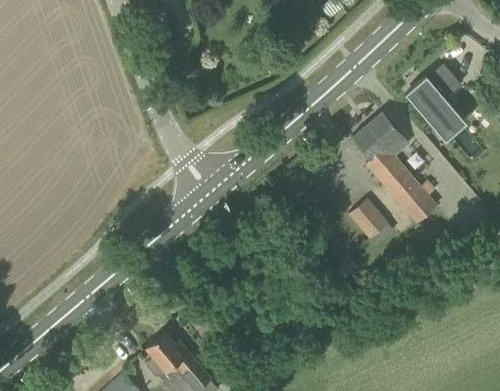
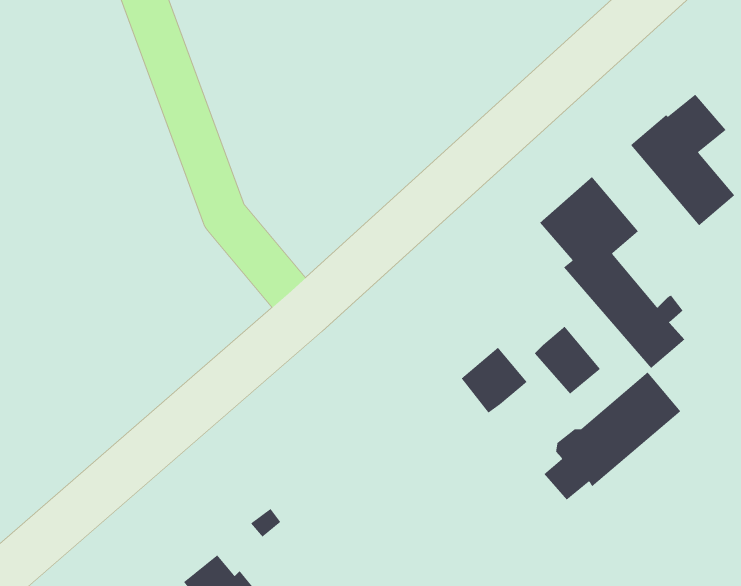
building: none -> [461,347,527,413]
building: none -> [543,372,681,501]

